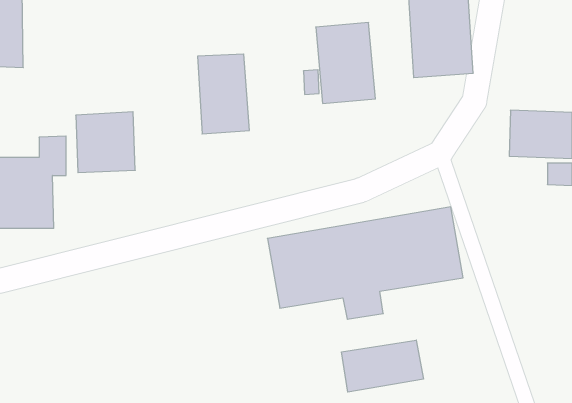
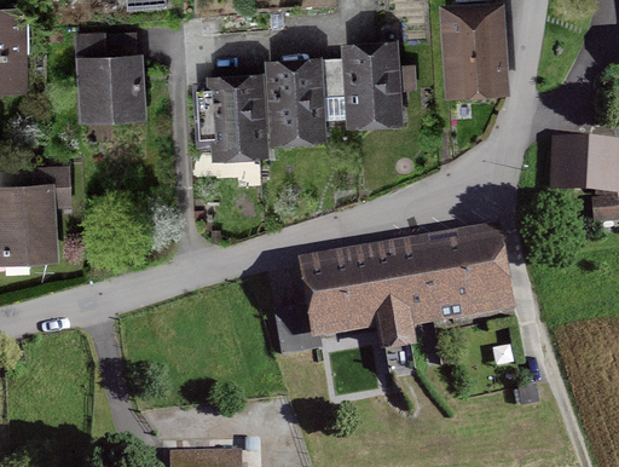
building: none -> [272,57,324,144]
building: [76,112,135,173] -> [76,52,140,117]
building: [342,340,423,392] -> none

